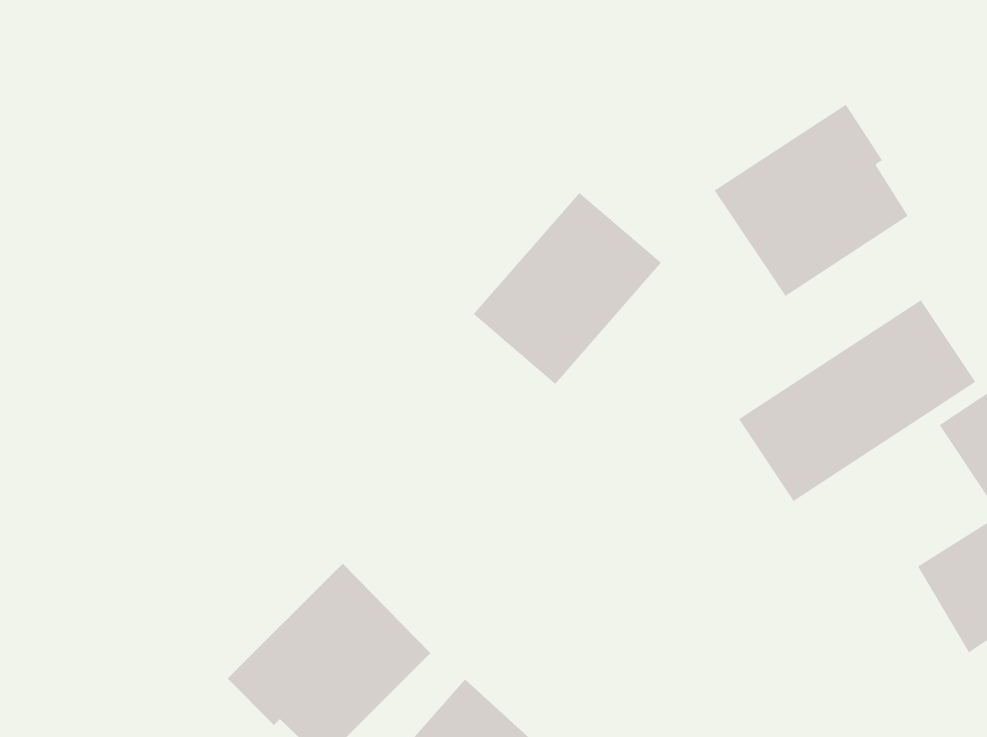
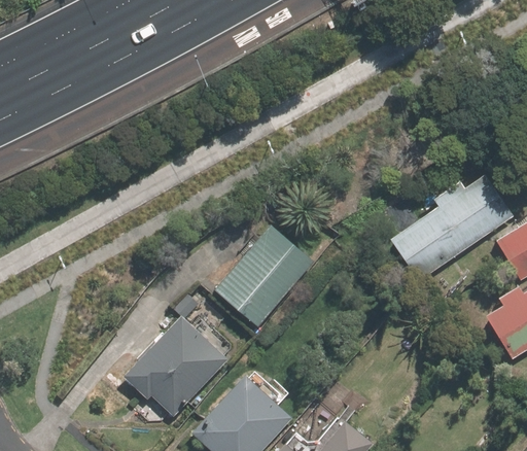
building: [714,104,908,297] -> none
building: [473,192,662,385] -> [215,226,314,326]

